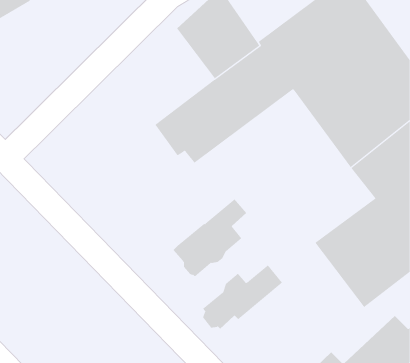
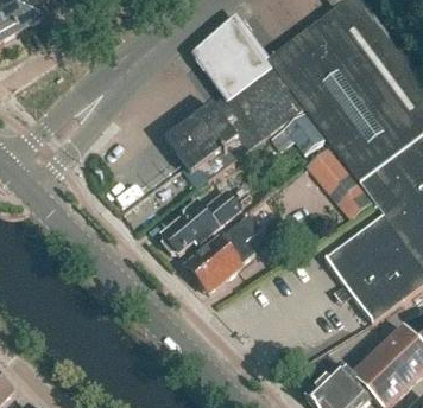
building: none -> [285,111,324,152]
building: none -> [307,145,372,217]
building: [202,264,283,329] -> [164,191,244,255]

